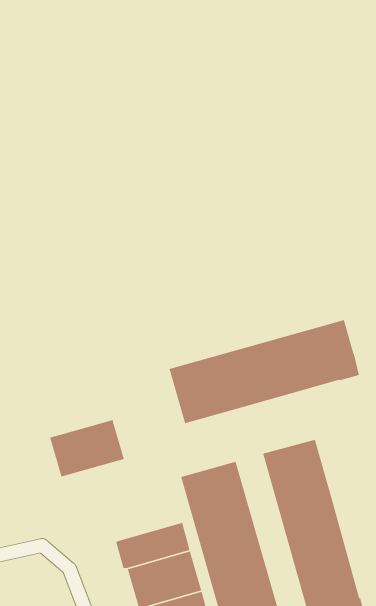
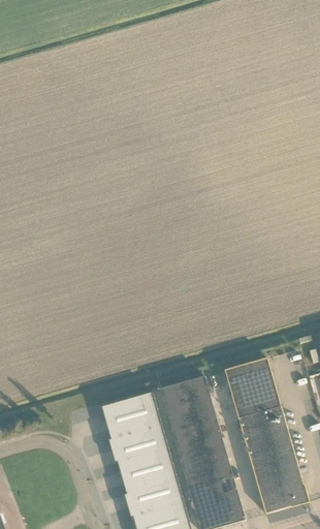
building: [168,319,360,424] -> none
building: [49,419,125,478] -> [102,393,162,439]

